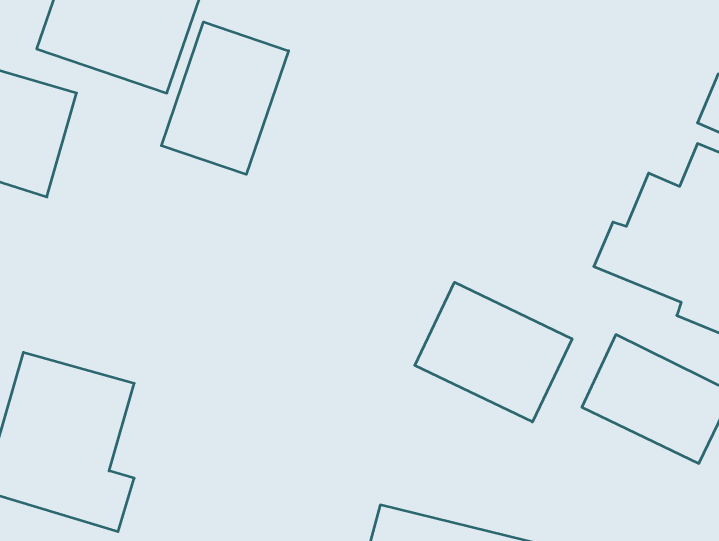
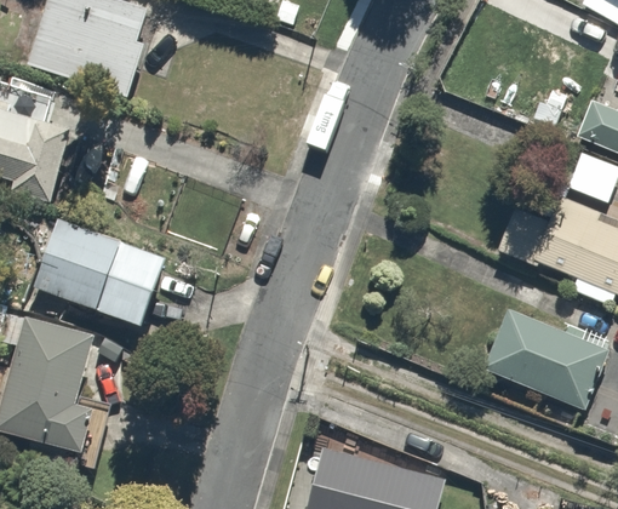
building: [161,22,289,174] -> none
building: none -> [36,229,189,332]
building: [415,282,572,422] -> none

